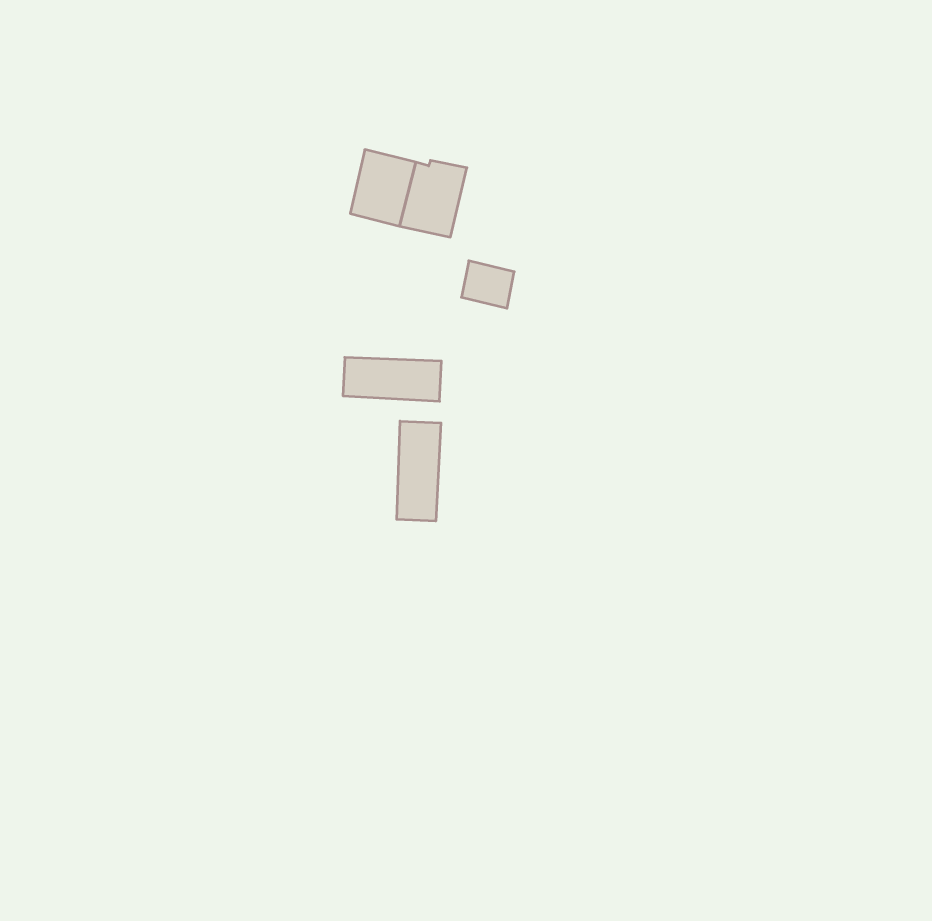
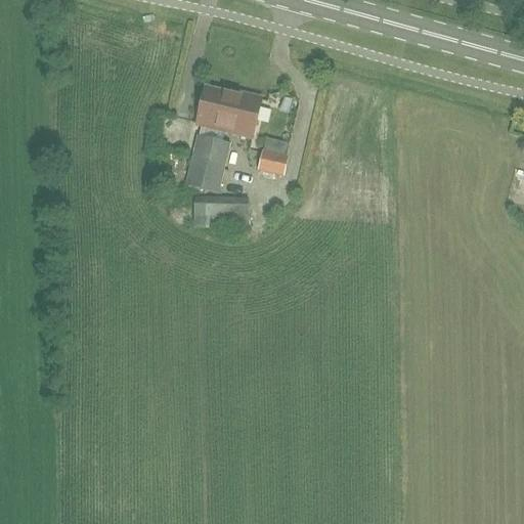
building: none -> [185,132,231,190]
building: [397,421,441,521] -> none

